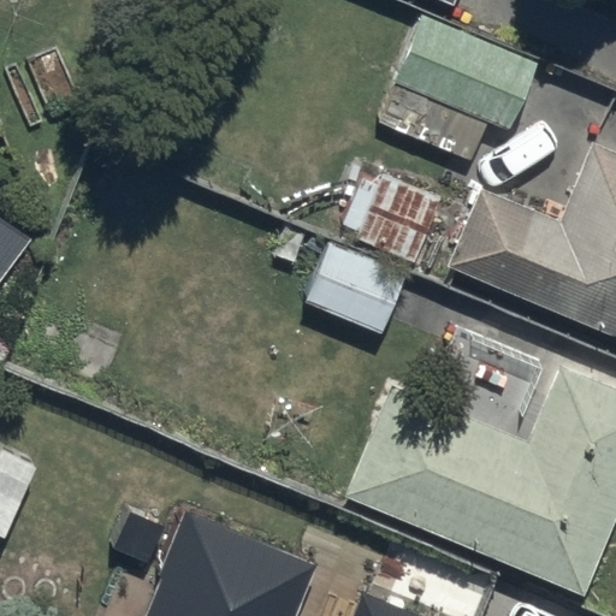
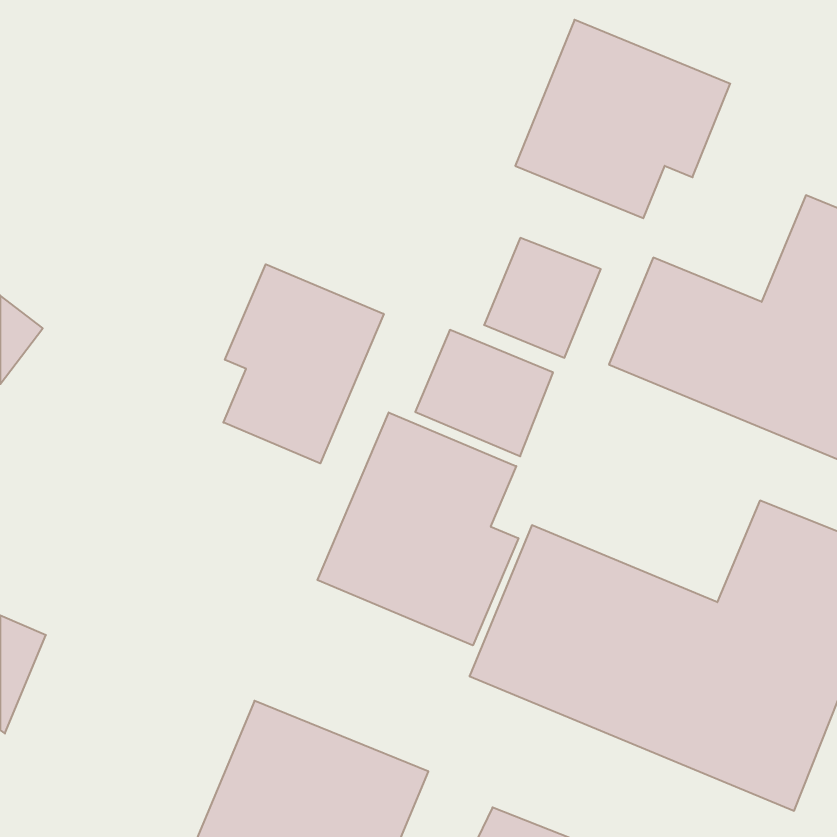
building: none -> [223,264,384,463]
building: none -> [317,412,518,645]

